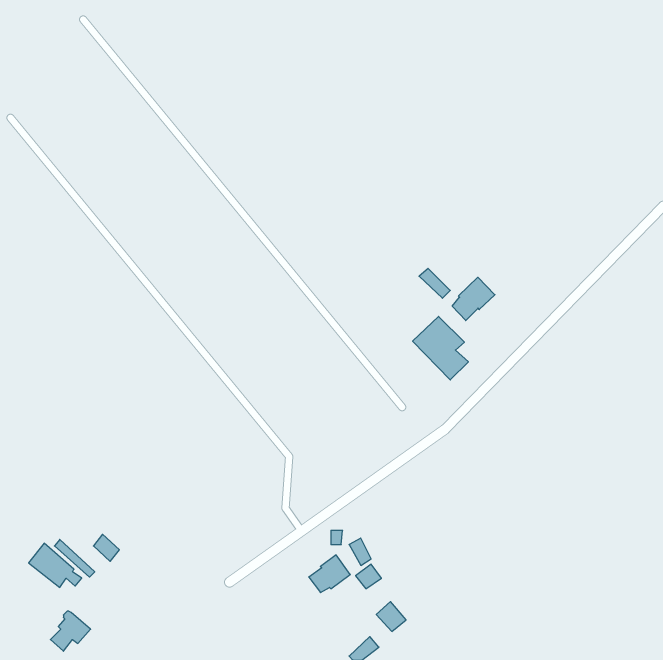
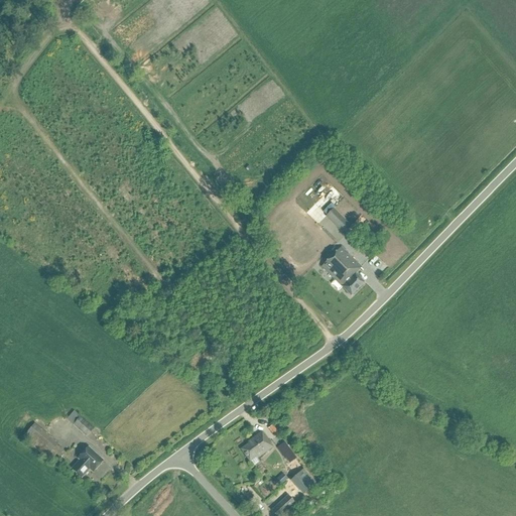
building: [452,277,495,321] -> none
building: [50,611,91,651] -> [72,445,103,477]

